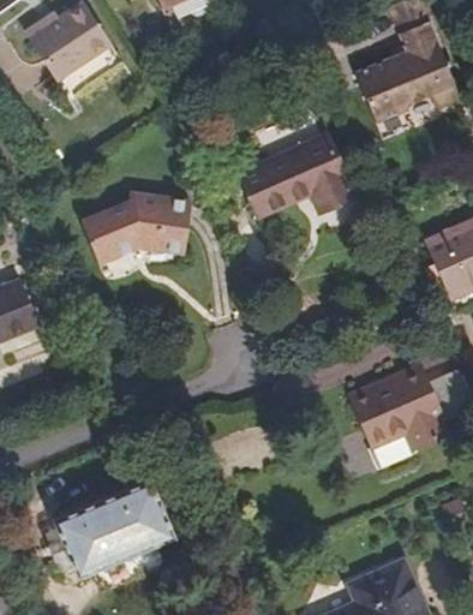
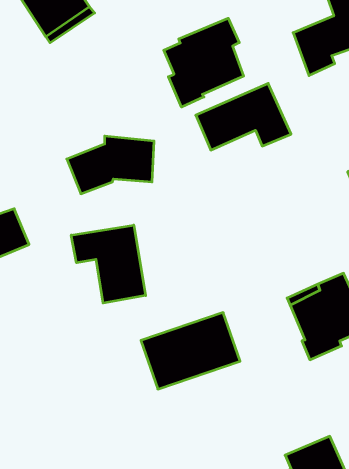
building: none -> [164,18,244,107]
building: none -> [71,225,146,303]
building: [53,485,173,578] -> [141,313,240,389]

